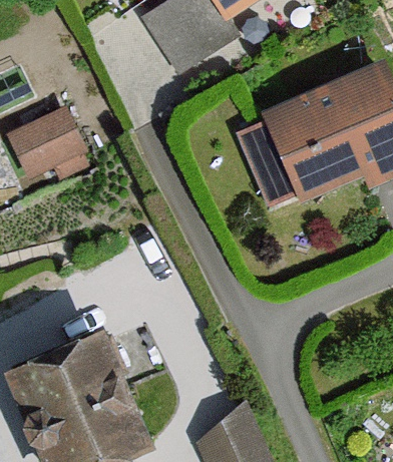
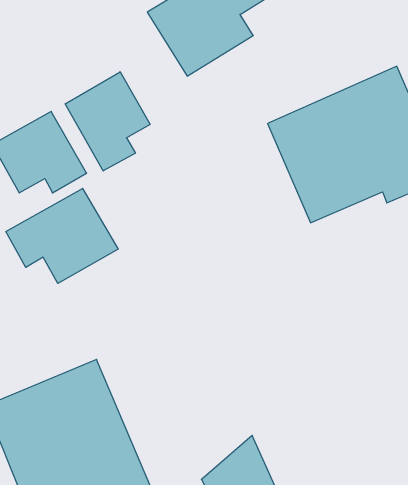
building: none -> [65,72,150,171]
building: none -> [6,188,118,283]

